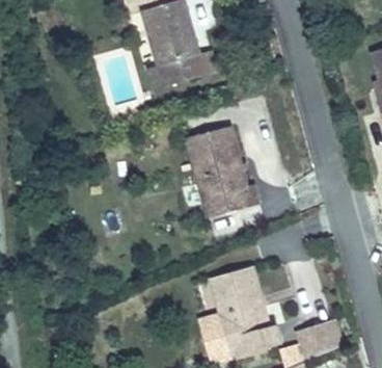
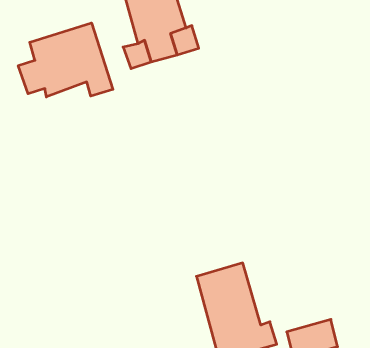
building: none -> [18,23,113,97]
building: [183,127,257,218] -> none

